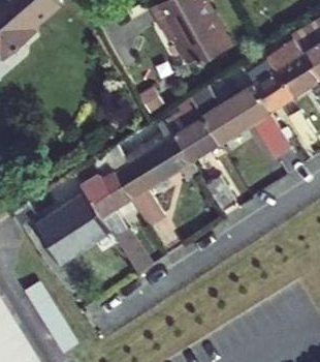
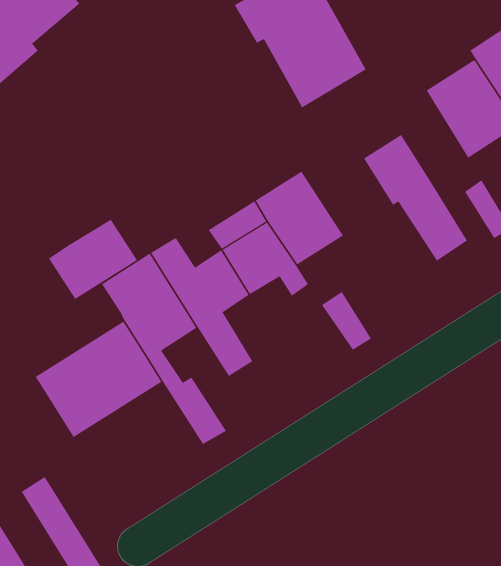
building: [243,59,290,113] -> none
building: [188,90,246,145] -> none
building: none -> [48,219,138,300]

